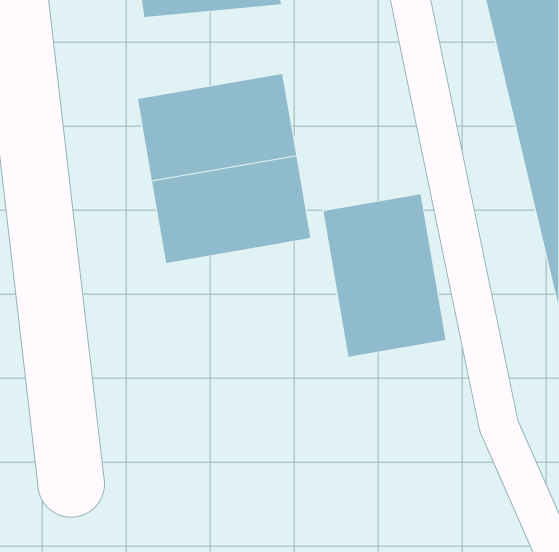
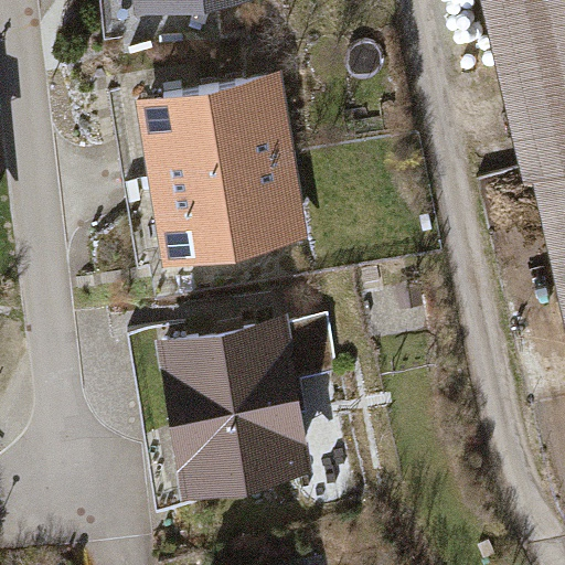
building: [323,194,446,357] -> none
building: none -> [163,321,318,497]

